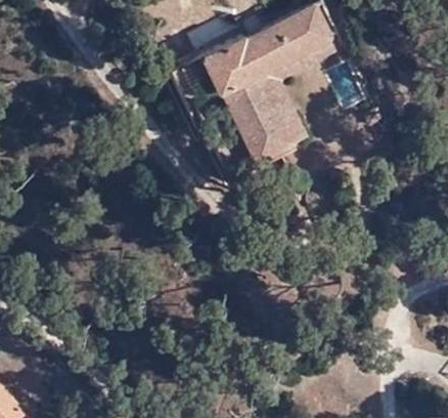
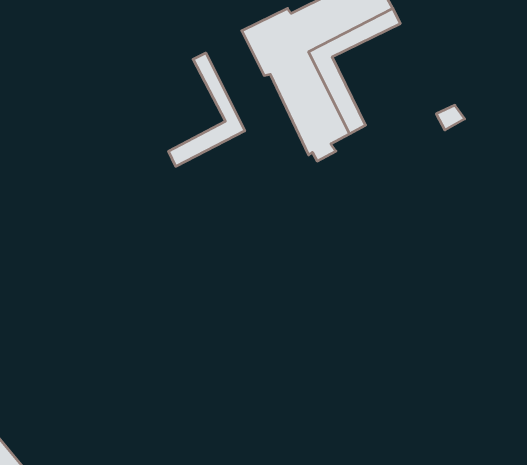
building: none -> [169,53,245,166]

